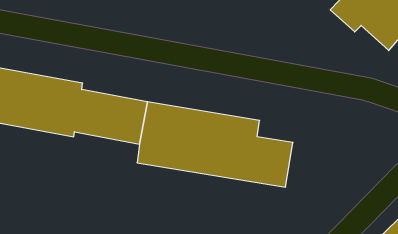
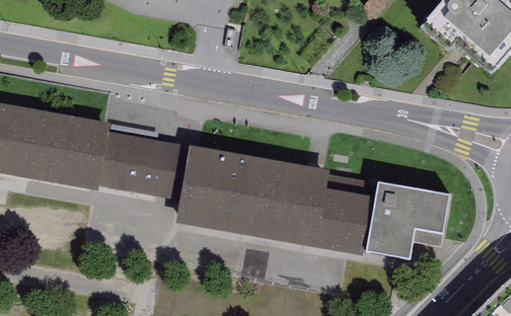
building: none -> [366,181,449,257]

